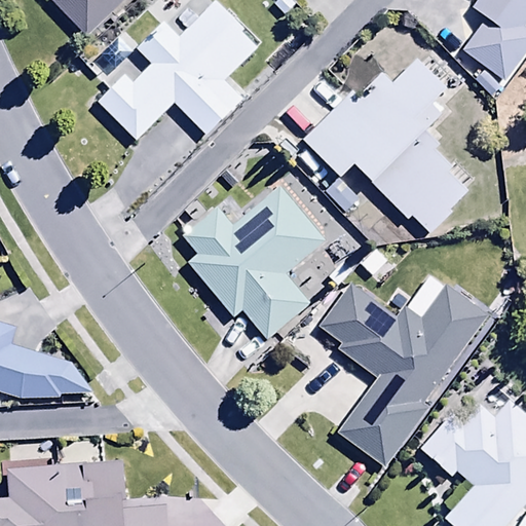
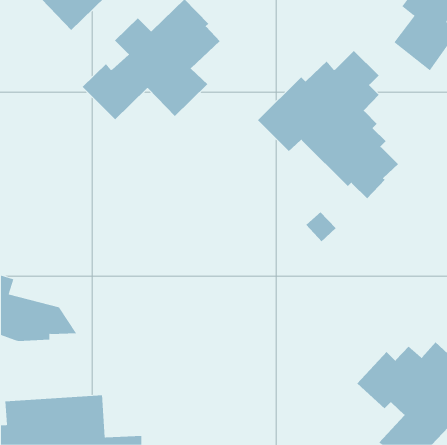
building: [184,186,327,338] -> none
building: [317,275,490,467] -> none

